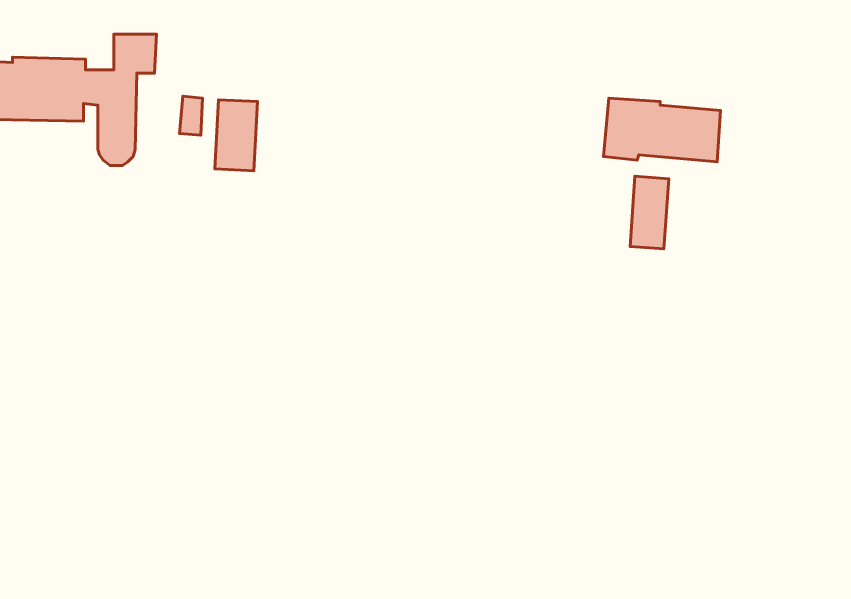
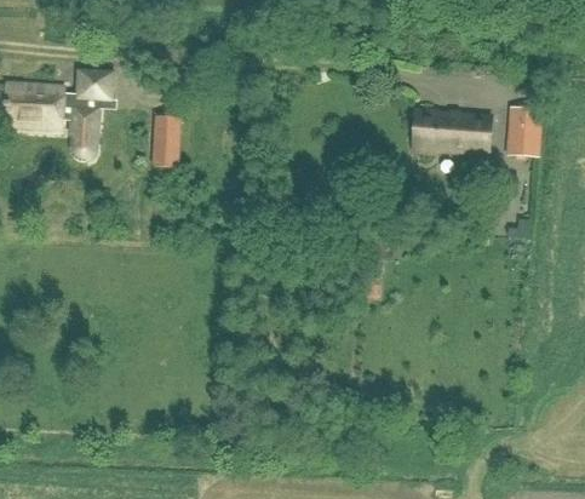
building: none -> [510,105,545,157]
building: [630,176,669,249] -> none

